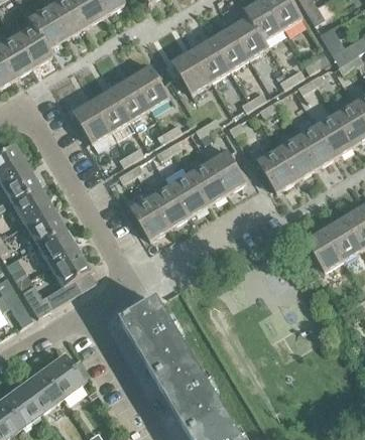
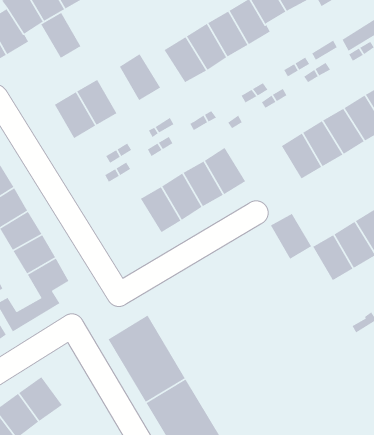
building: [113,78,150,120] -> [40,12,82,59]
building: [258,149,296,191] -> [270,213,312,260]
building: [131,196,170,240] -> none

